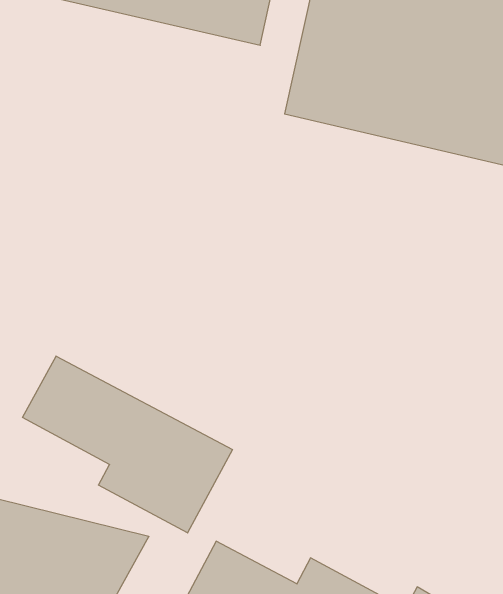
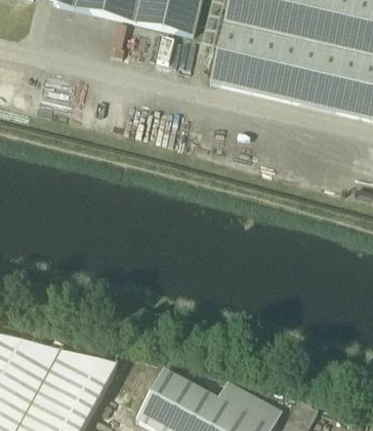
building: [23,356,232,533] -> none

